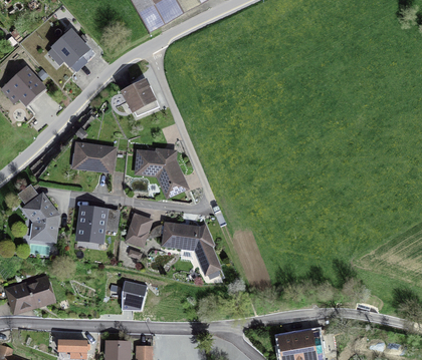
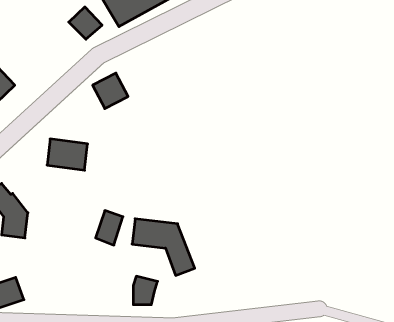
building: [53,32,86,64] -> [69,7,102,39]
building: [132,148,189,198] -> none
building: [77,206,119,240] -> none
building: [122,281,146,309] -> [133,276,158,305]

